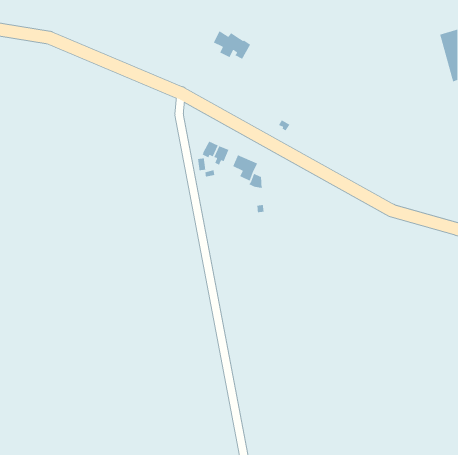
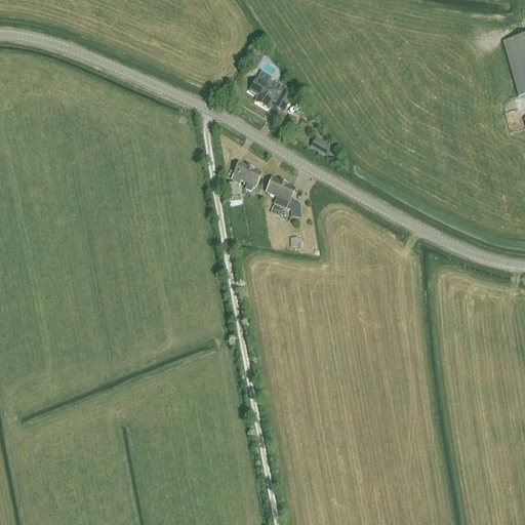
building: [213,30,251,60] -> [249,75,293,109]

